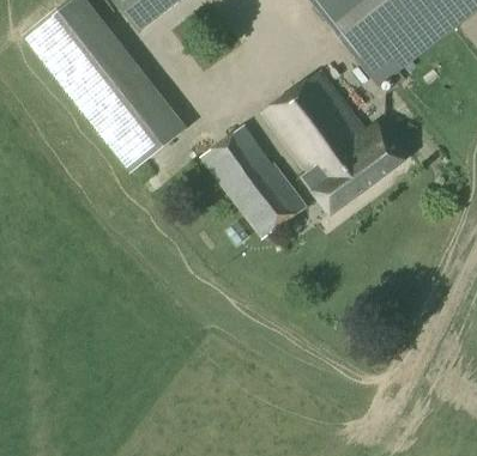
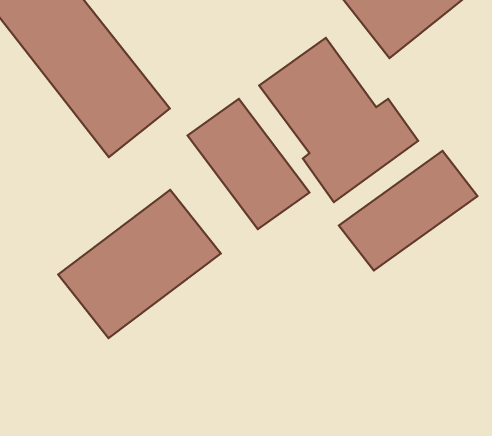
building: none -> [339,151,477,271]
building: none -> [58,190,221,338]

